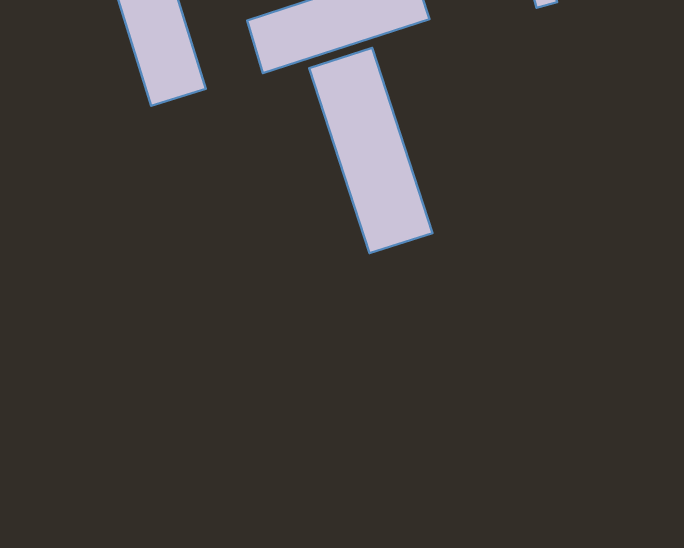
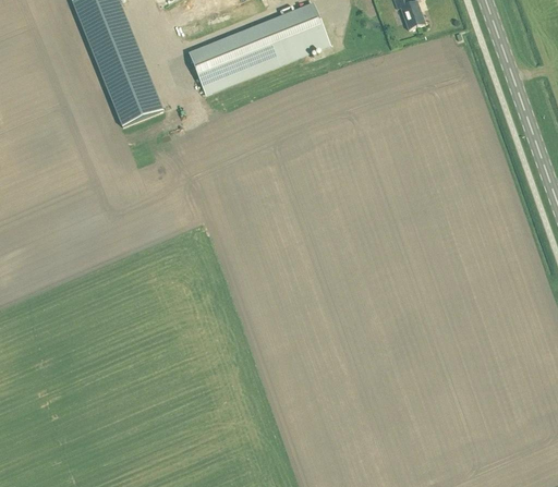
building: [309,48,433,253] -> none

